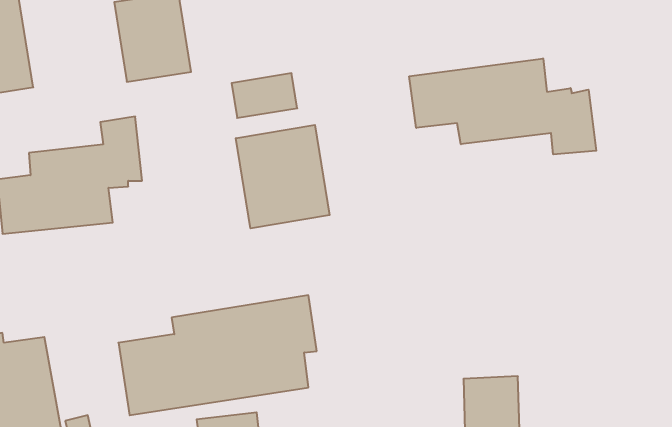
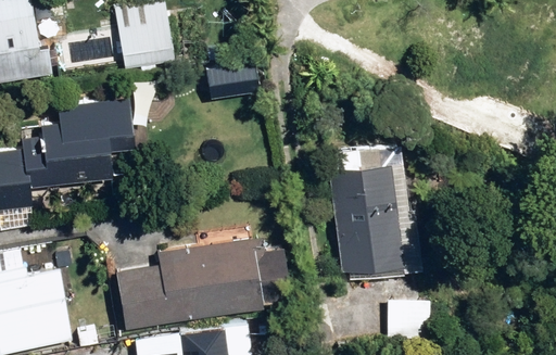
building: [409,58,596,154] -> none
building: [236,125,330,228] -> none
building: none -> [327,143,426,281]

